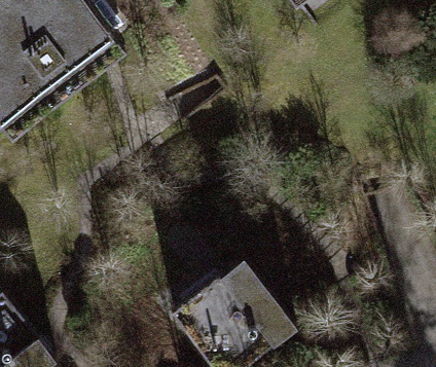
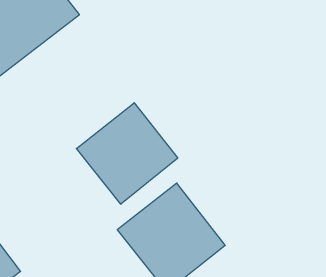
building: none -> [76,103,178,204]

